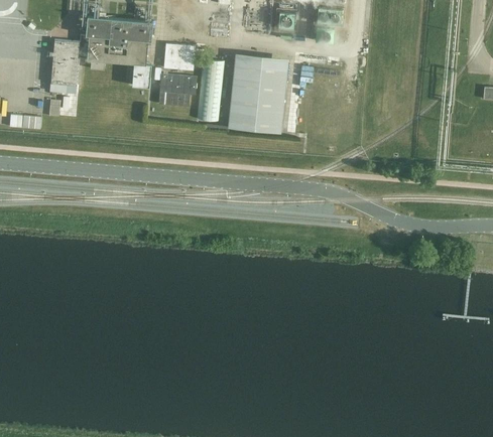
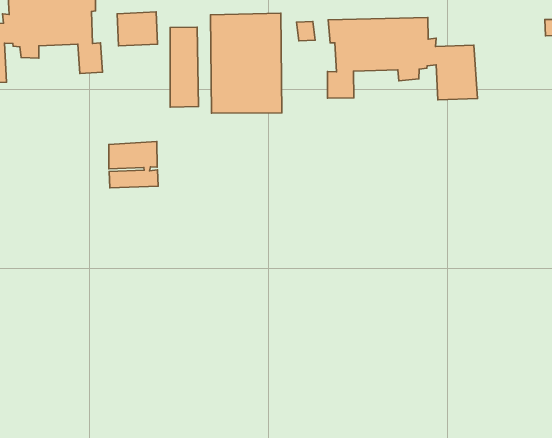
building: none -> [327,17,478,100]
building: [158,75,198,110] -> [109,142,158,188]

